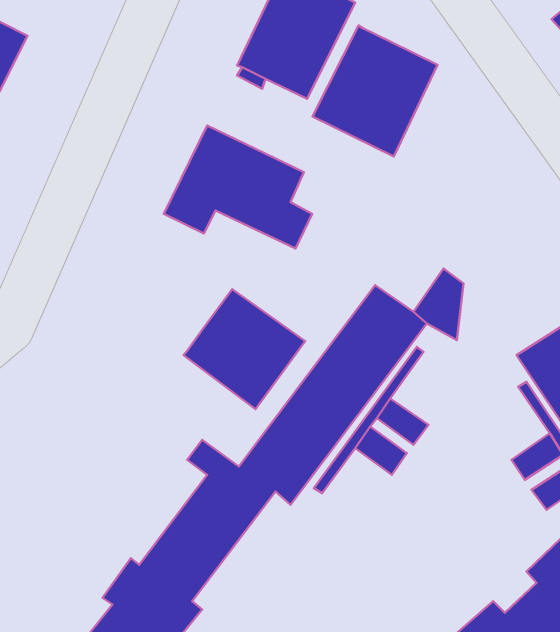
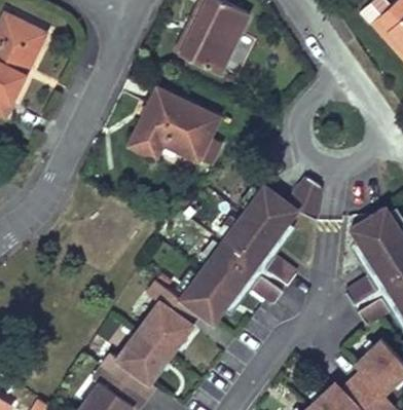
building: [312,25,437,156] -> none
building: [183,289,305,409] -> none

